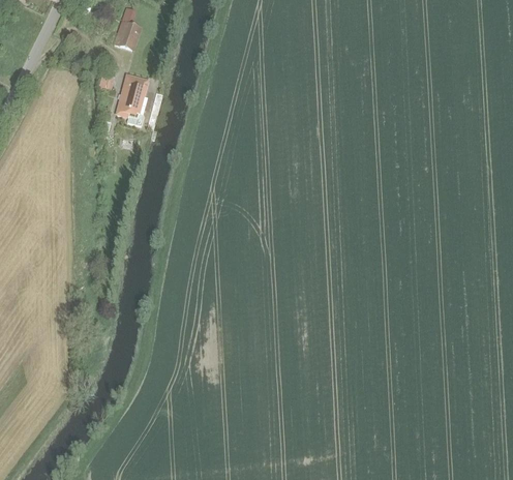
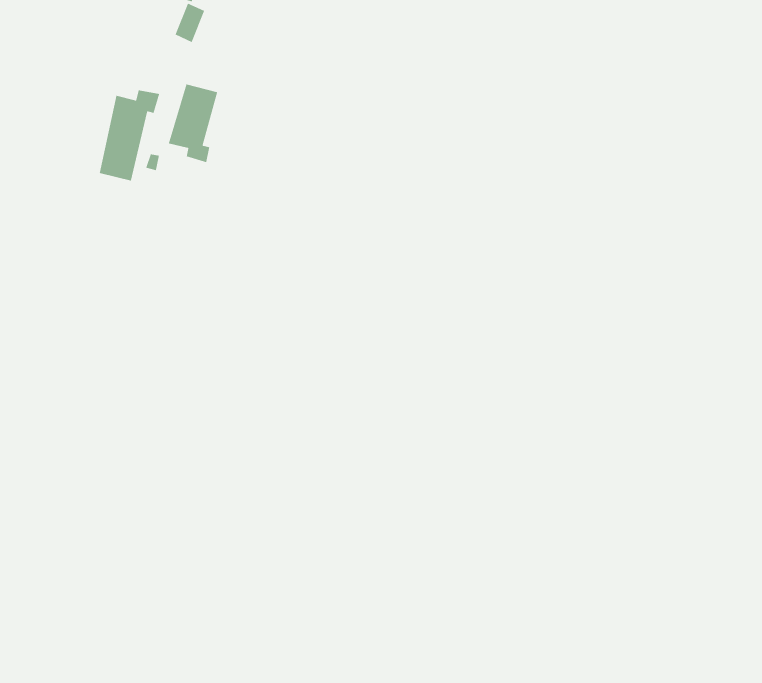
building: none -> [99,90,160,182]

